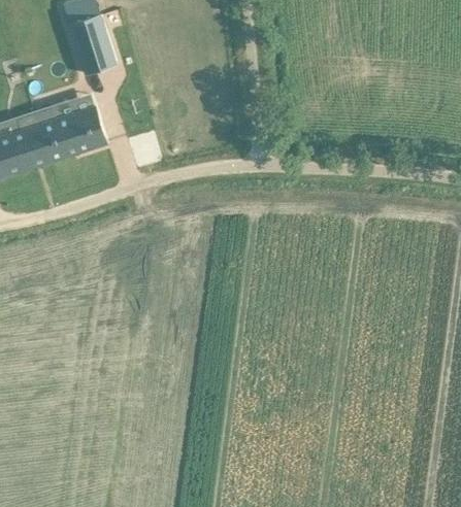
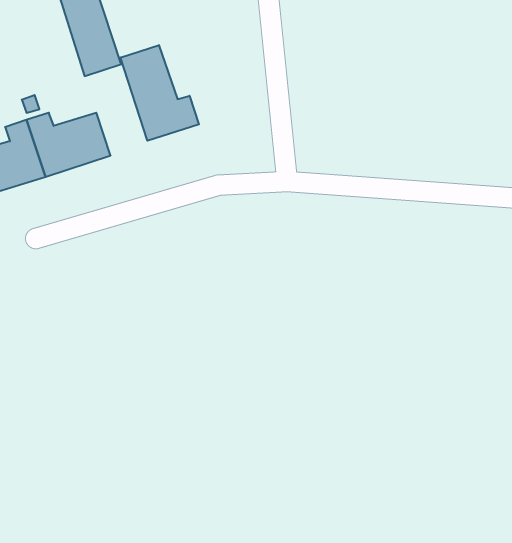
building: none -> [120,45,199,141]

